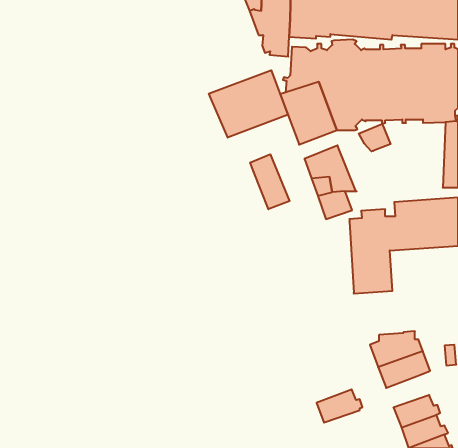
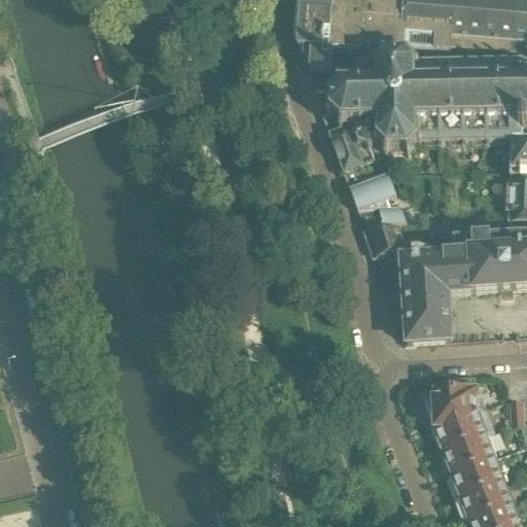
building: [209,70,288,138] -> none
building: [359,124,391,151] -> none
building: [250,154,290,209] -> none
building: [317,389,362,423] -> [443,429,495,467]

